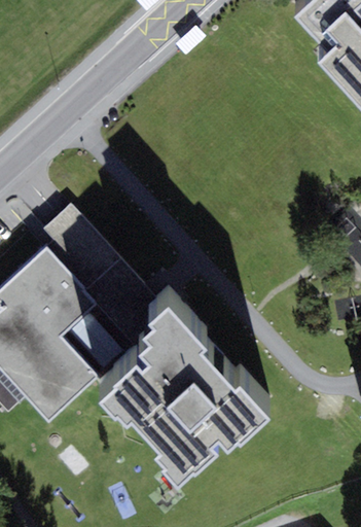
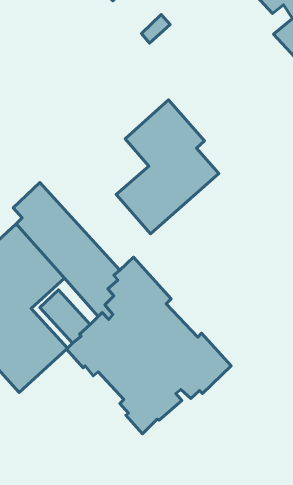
building: none -> [116,100,219,234]

